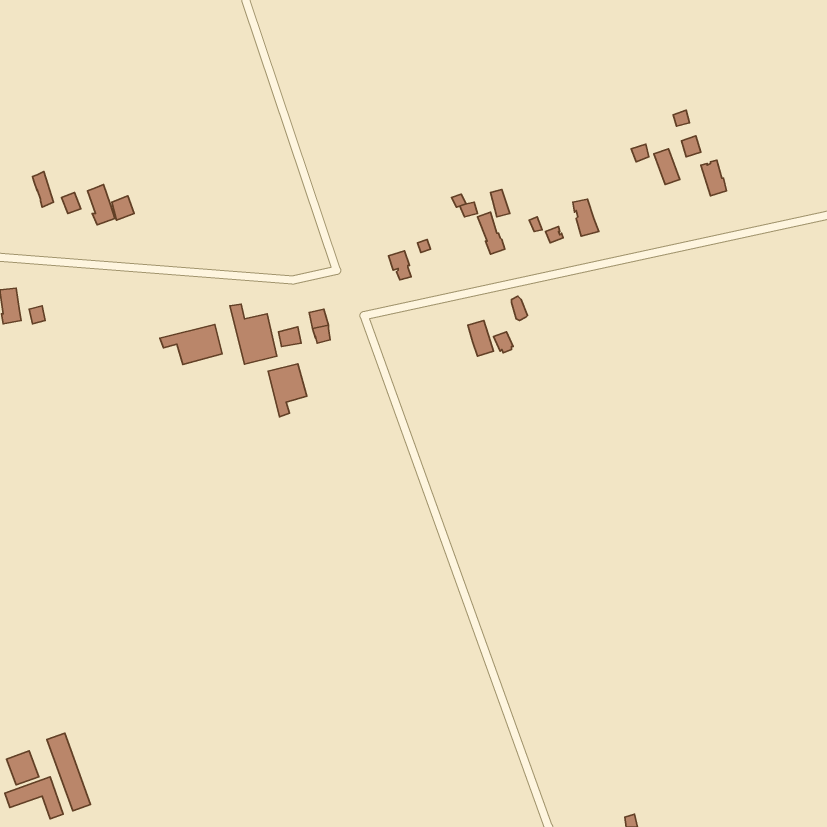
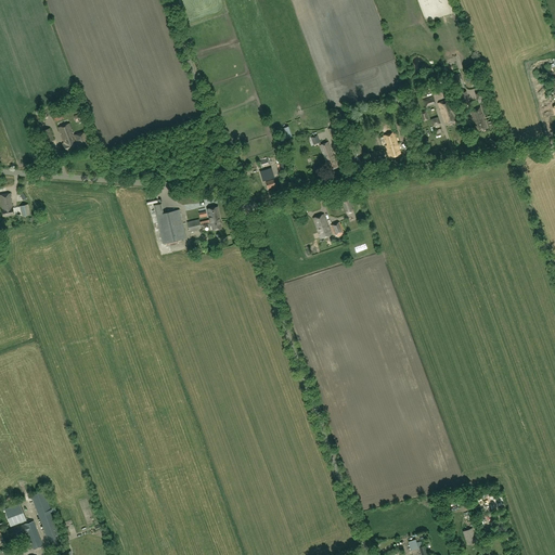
building: [160,324,222,364] -> none
building: [268,364,307,417] -> none

